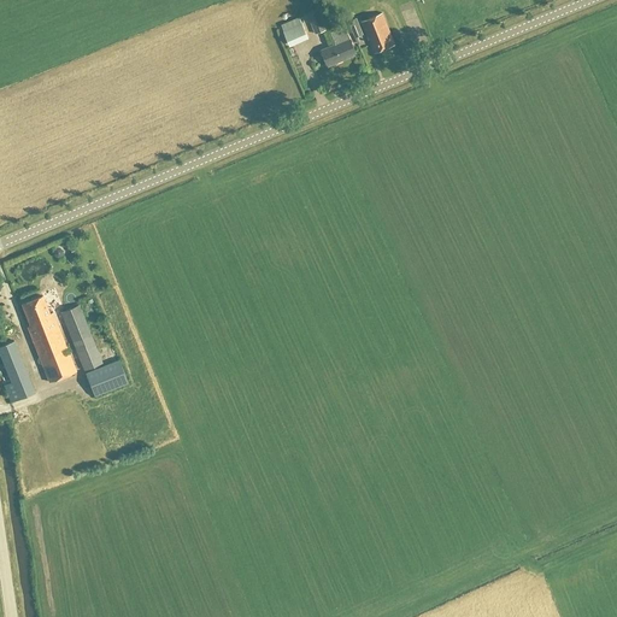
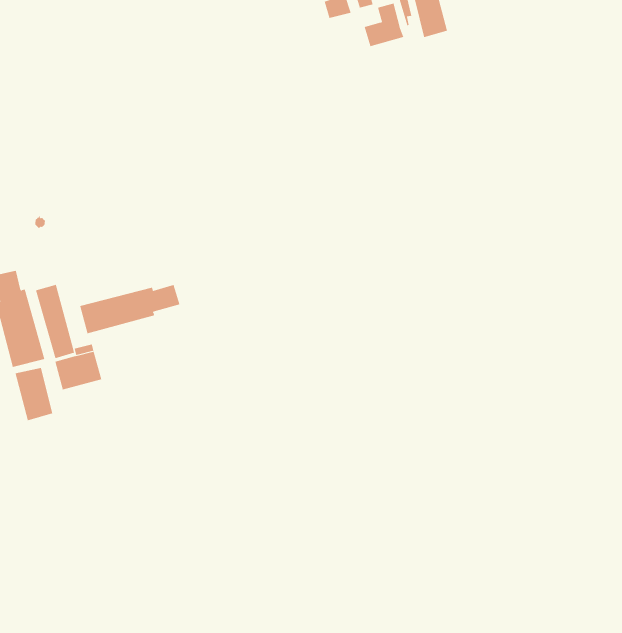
building: none -> [79,284,180,334]
building: none -> [15,367,53,421]

